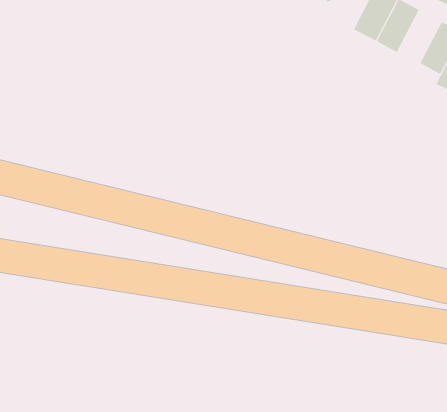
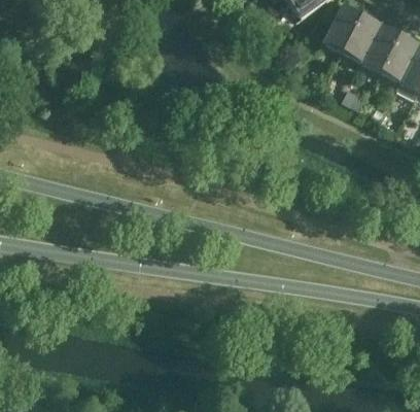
building: none -> [362,24,401,71]

